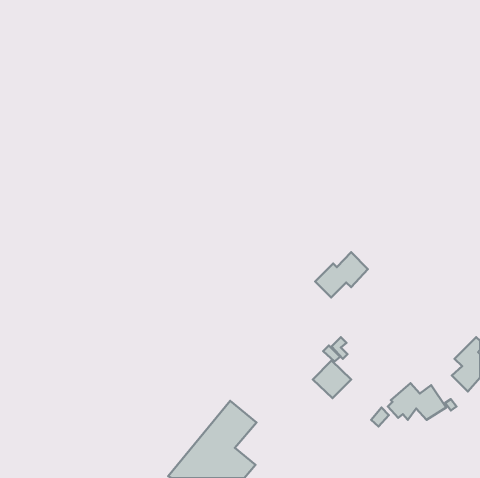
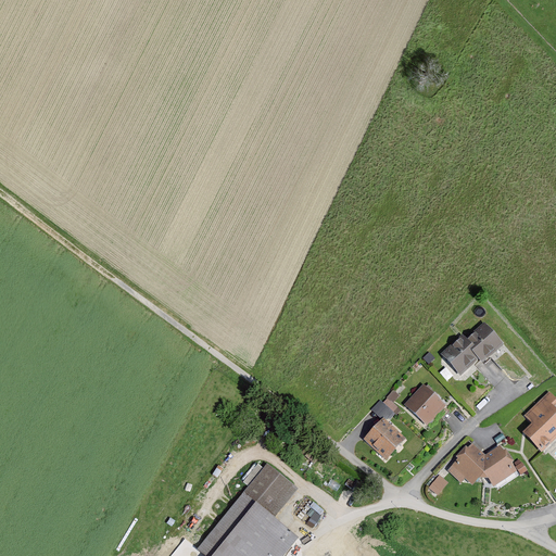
building: [315,252,368,297] -> [441,323,502,375]
building: none -> [403,382,446,427]

